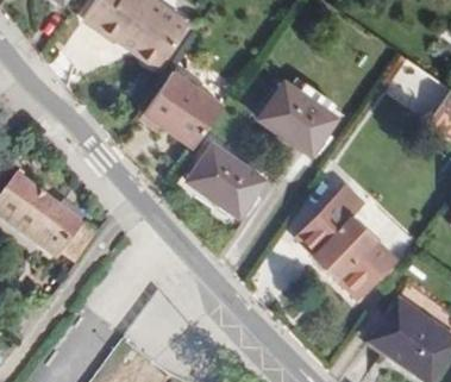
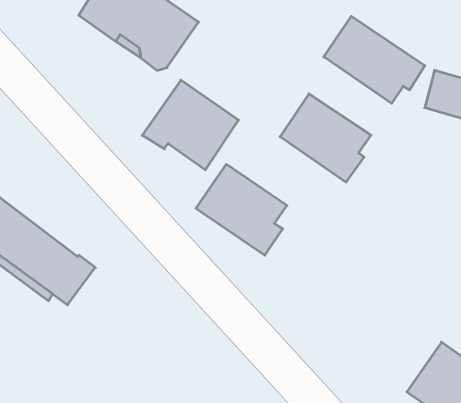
building: none -> [324,16,425,103]
building: [296,190,394,299] -> none

